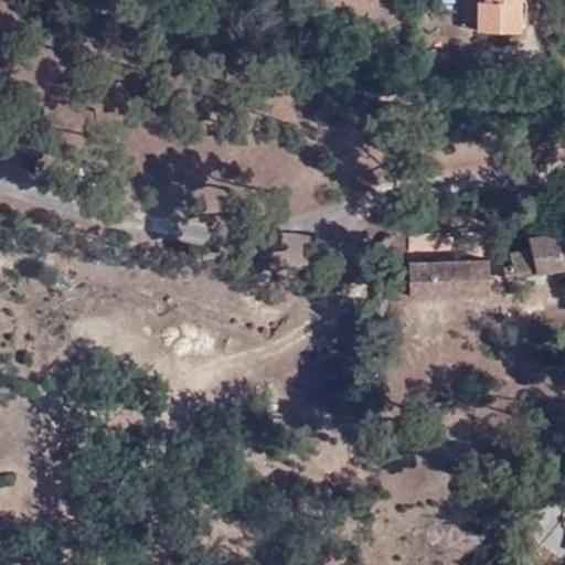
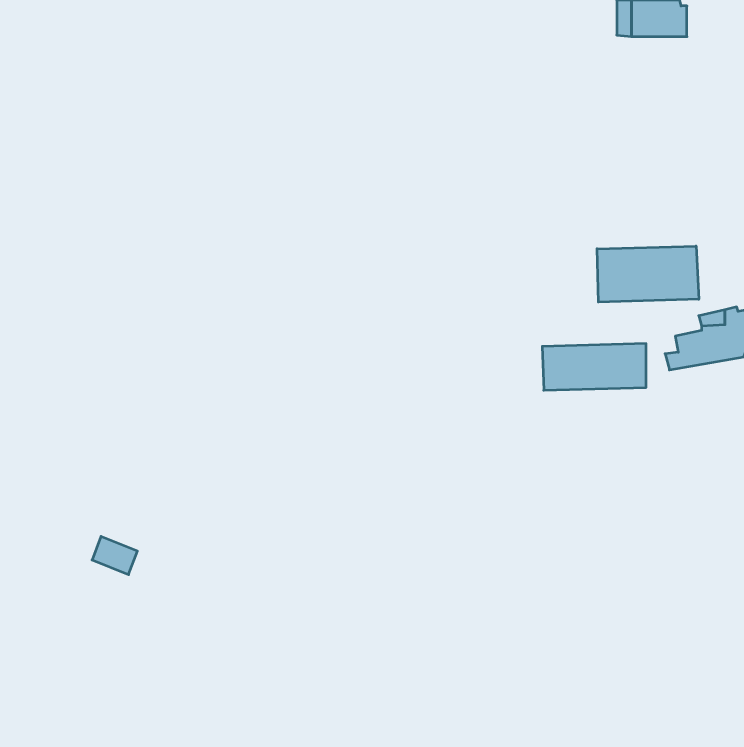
building: none -> [597,246,699,302]

